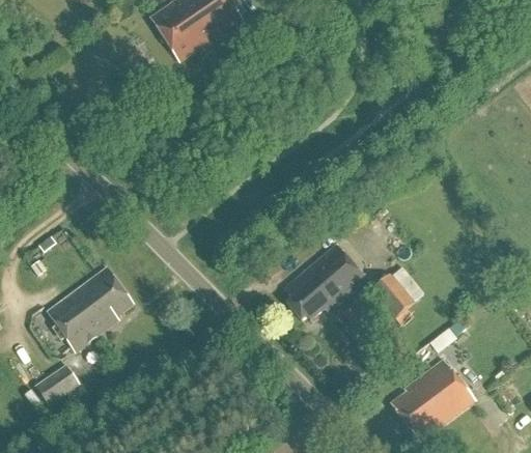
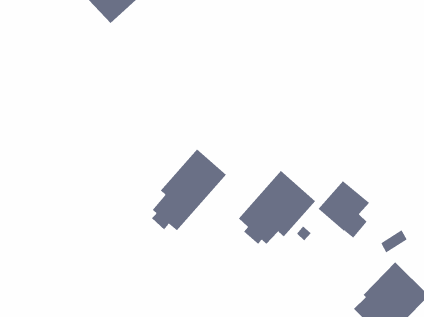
building: none -> [151,149,227,231]
building: [47,267,133,351] -> none

